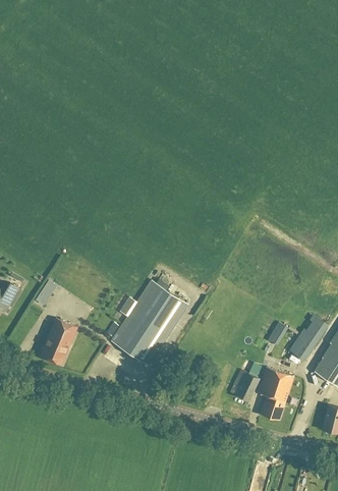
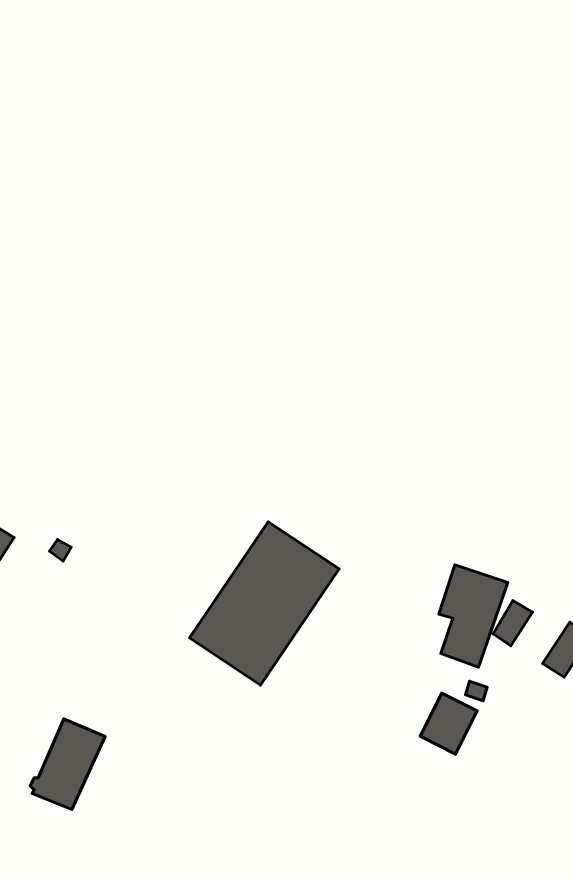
building: [38,317,76,364] -> [30,719,105,809]
building: [258,367,293,420] -> [439,565,508,667]

